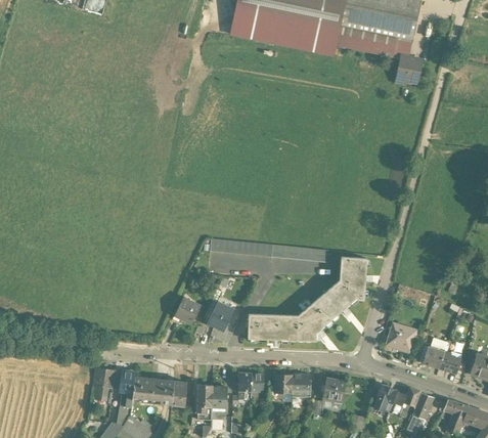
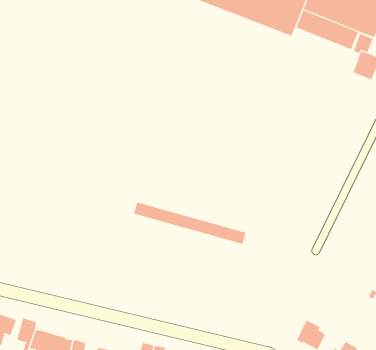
building: [248,257,366,341] -> none
building: [172,297,201,322] -> none
building: [207,301,234,332] -> none

